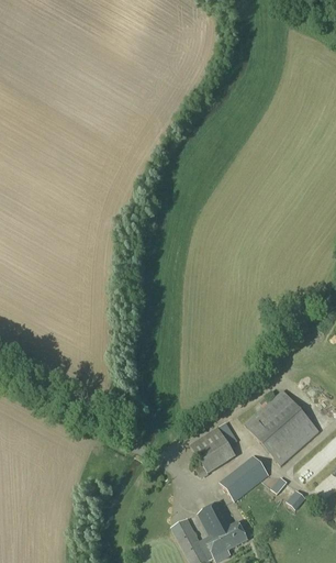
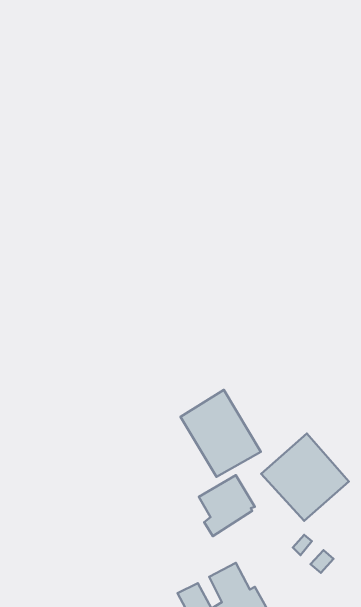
building: none -> [180,390,261,477]
building: [220,453,270,500] -> none

